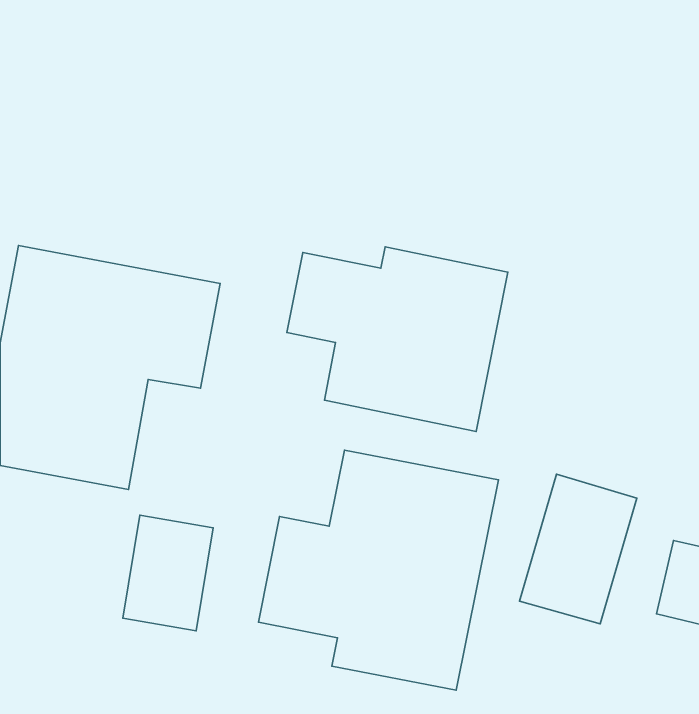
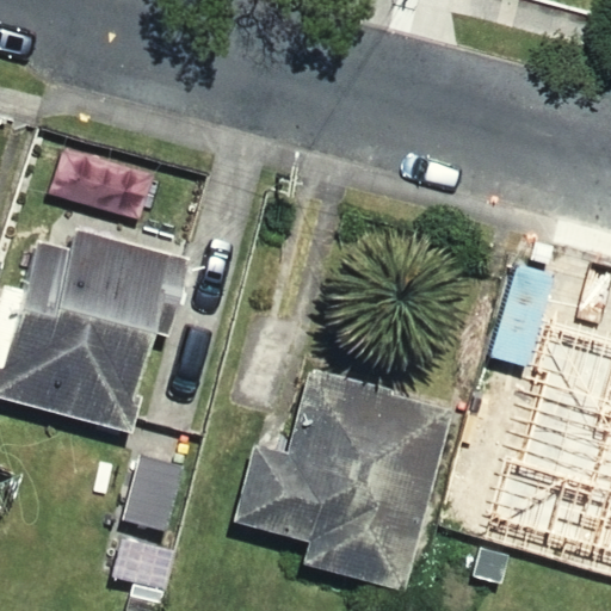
building: [287,247,508,431] -> none

